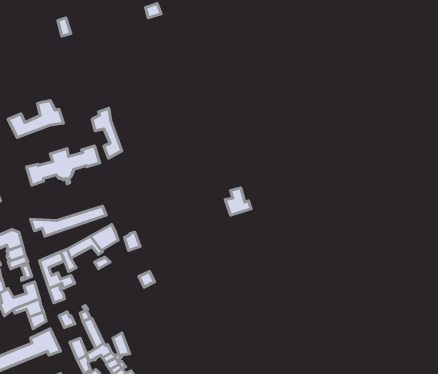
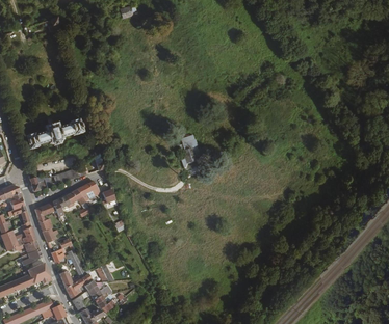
building: [8,101,63,137] -> none
building: [92,108,122,158] -> none

